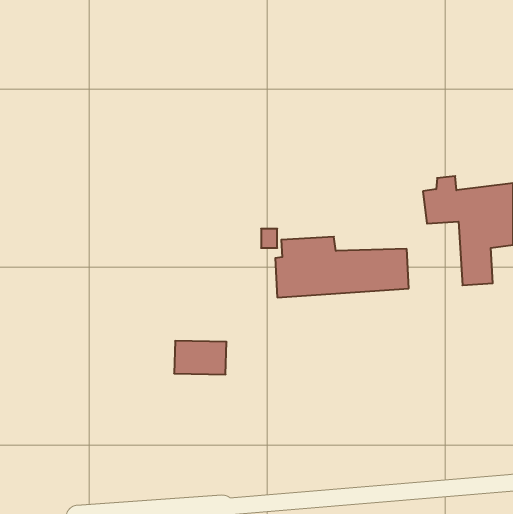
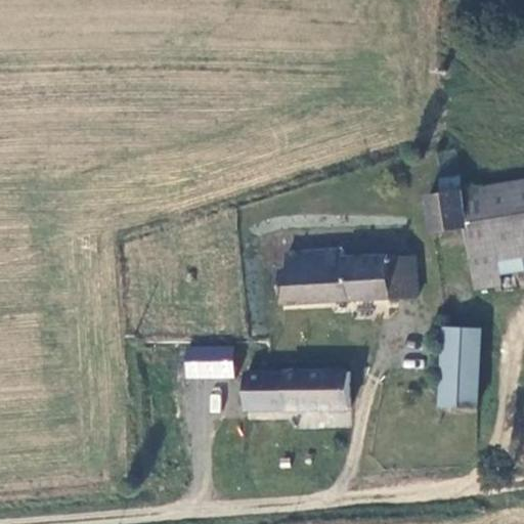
building: none -> [439,331,485,406]
building: none -> [247,370,352,409]

